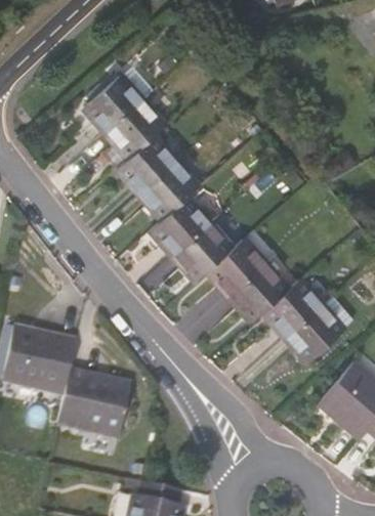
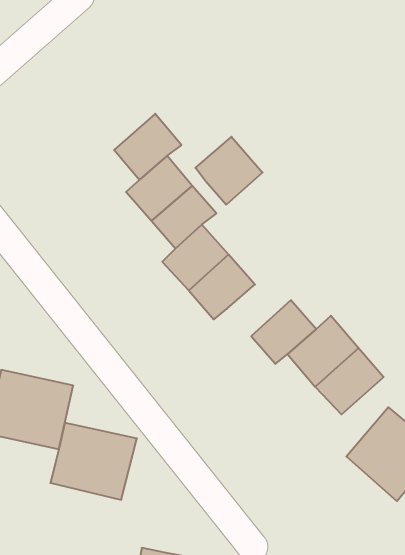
building: [93,83,151,138] -> none
building: none -> [195,137,263,205]
building: [212,243,266,297] -> none

